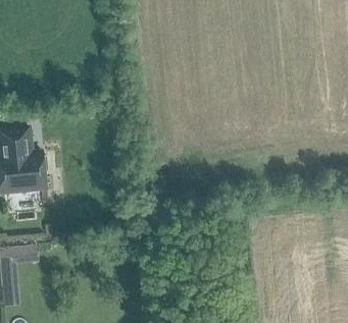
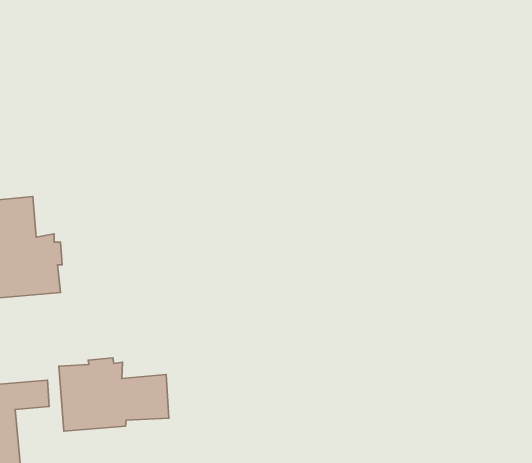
building: none -> [59,358,169,431]

